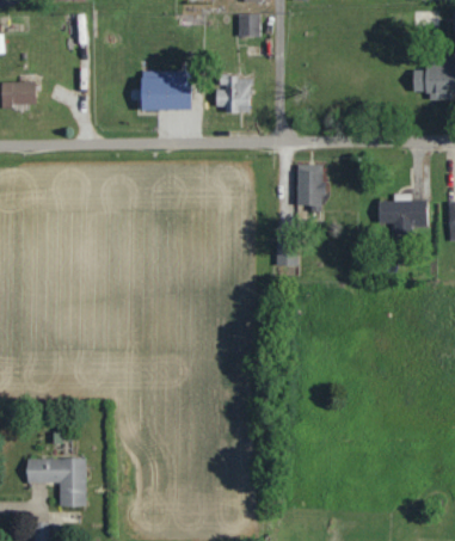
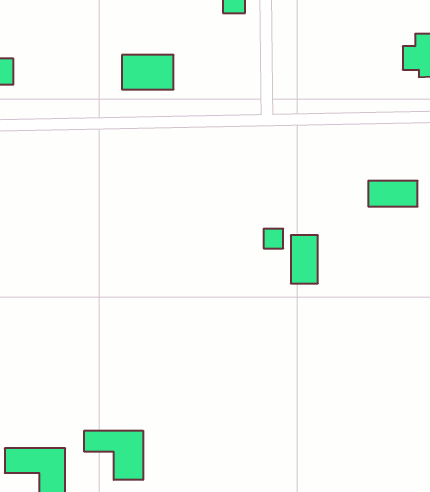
building: [219,78,252,111] -> none
building: [297,165,324,211] -> [291,235,318,283]
building: none -> [84,431,143,480]

